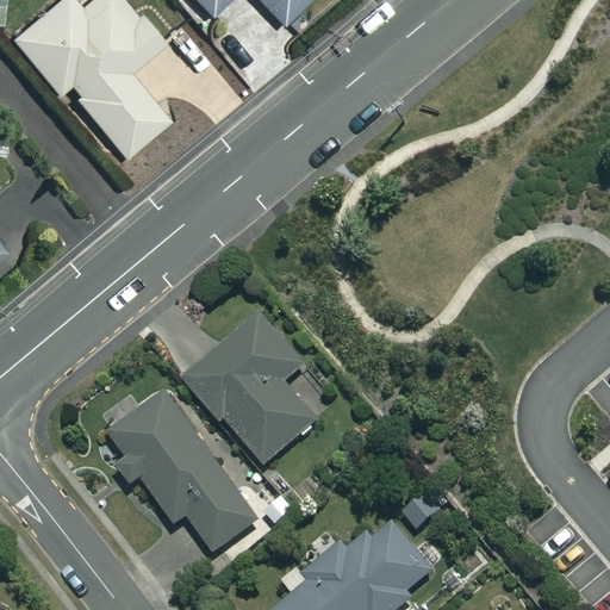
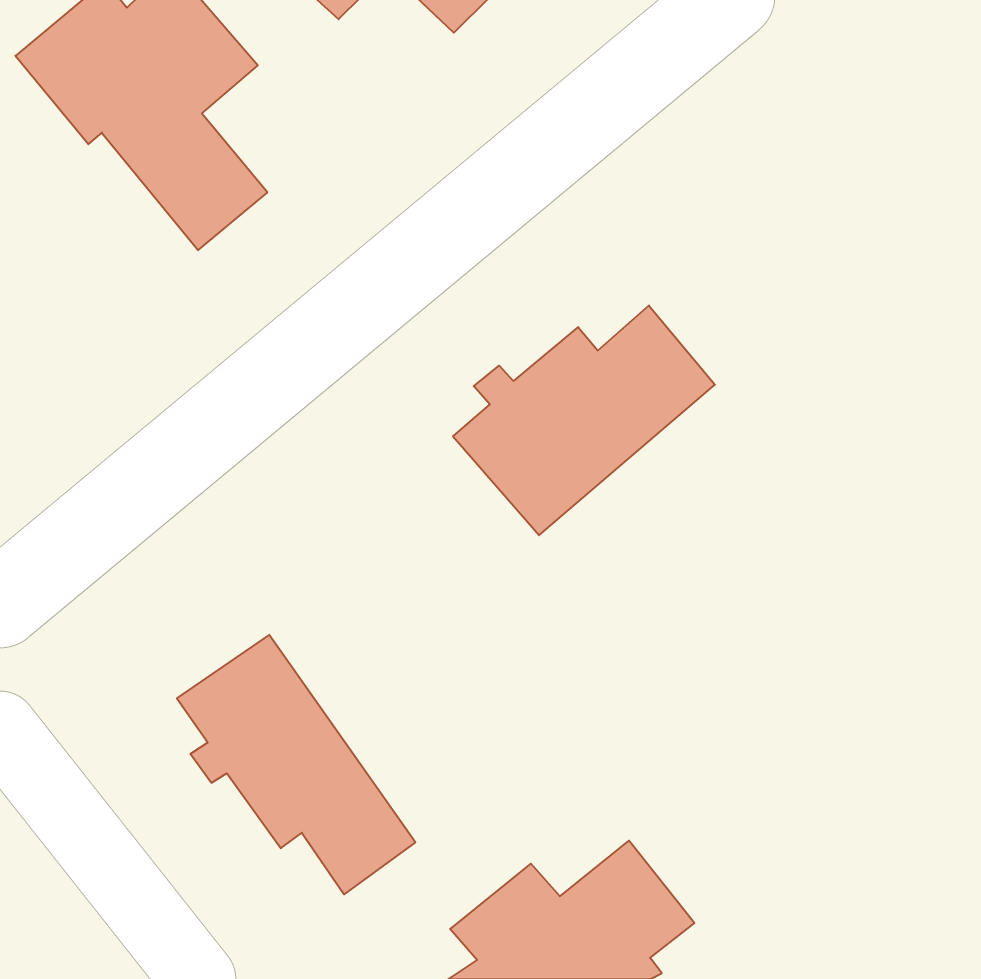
building: none -> [453,305,715,535]
building: [187,315,317,465] -> none

